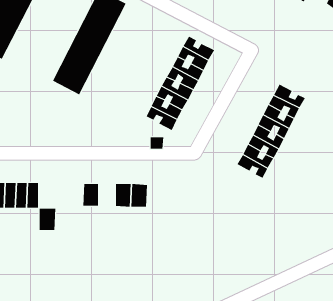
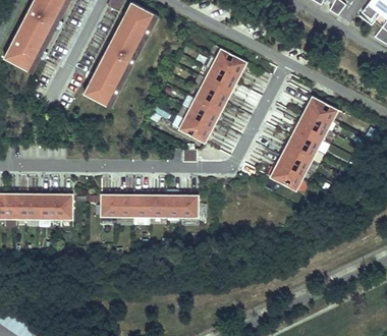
building: none -> [131,195,148,218]
building: none -> [179,197,197,219]
building: [39,208,56,231] -> [99,195,116,218]

